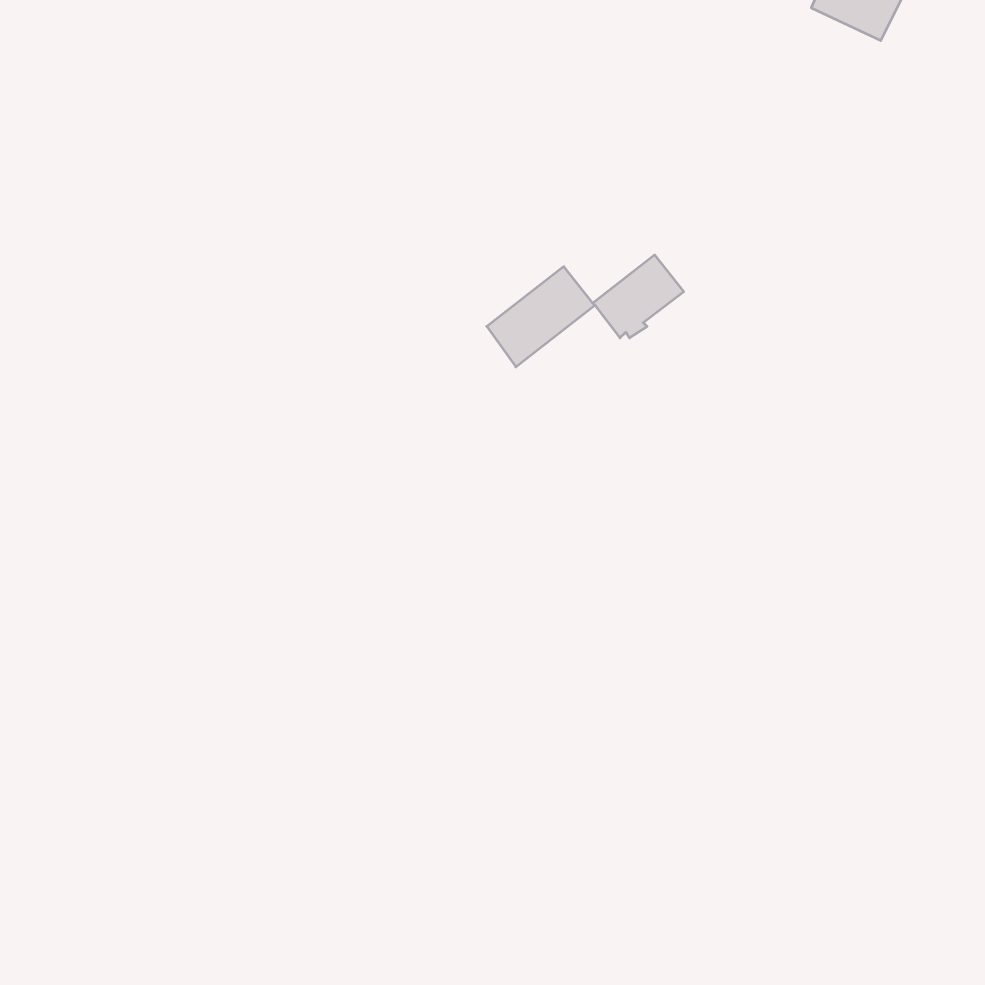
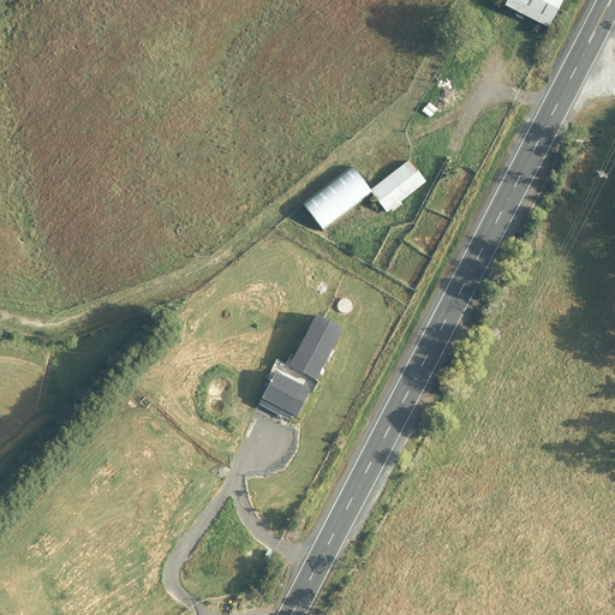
building: none -> [289,315,341,378]
building: none -> [262,370,309,413]

